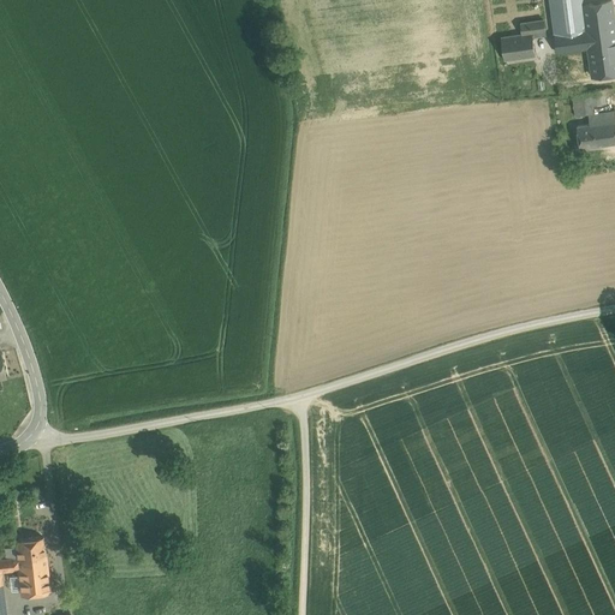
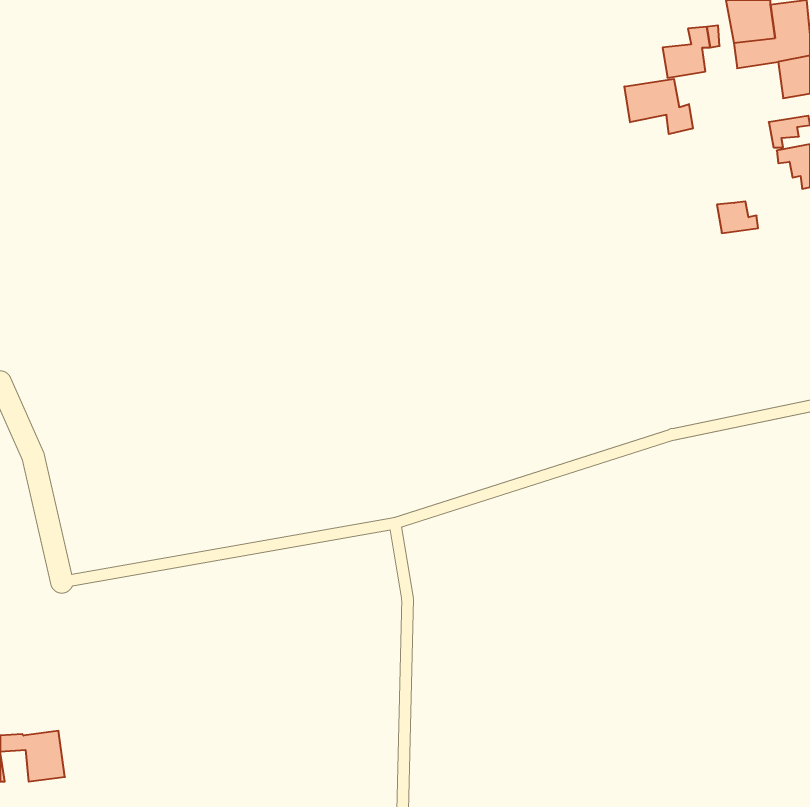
building: none -> [624,79,693,134]
building: [577,125,608,149] -> [717,201,758,233]
building: [16,538,44,560] -> none

